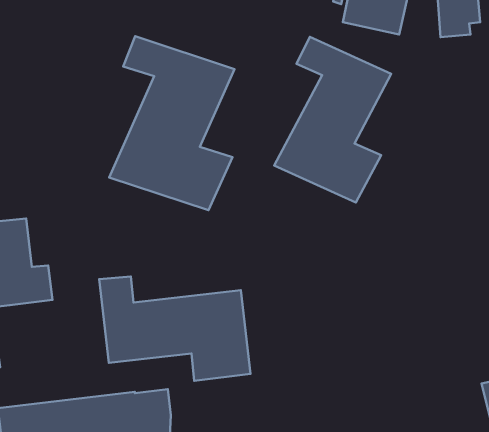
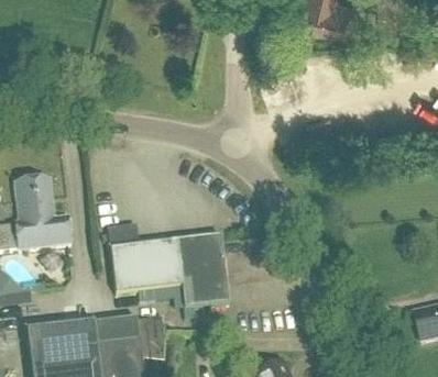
building: [109,36,235,210] -> none
building: [274,37,391,203] -> none

